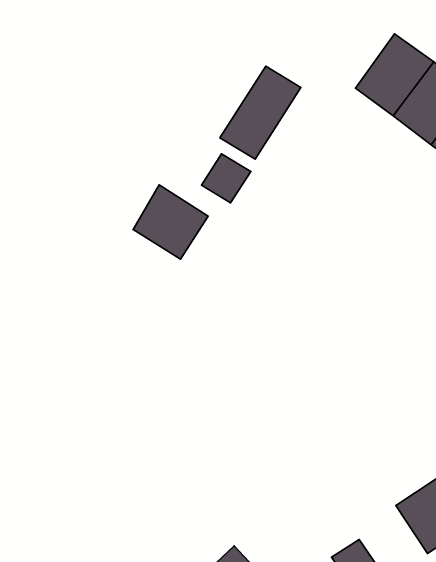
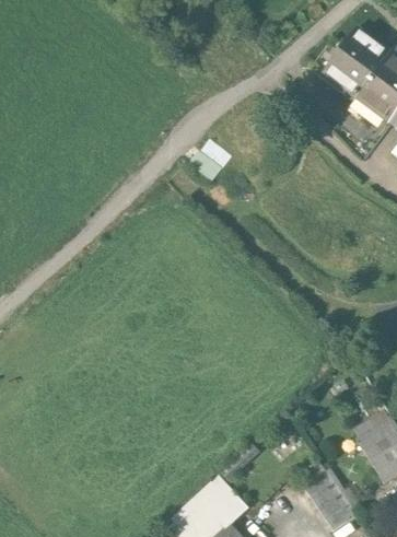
building: [220,66,301,159] -> none
building: [133,185,208,259] -> none

